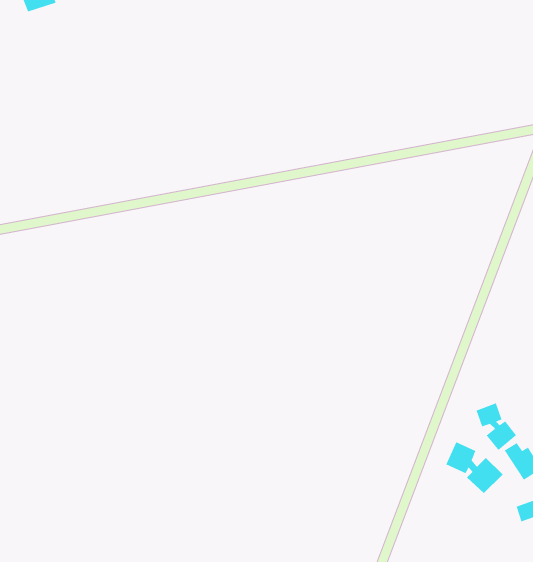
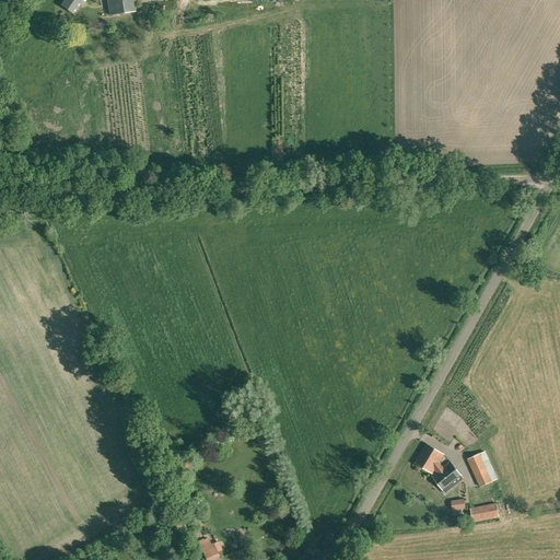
building: [476,403,517,451] -> none

